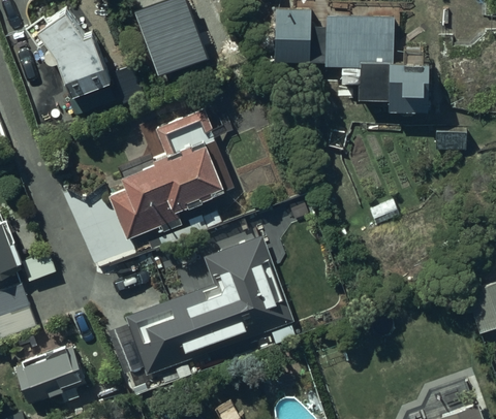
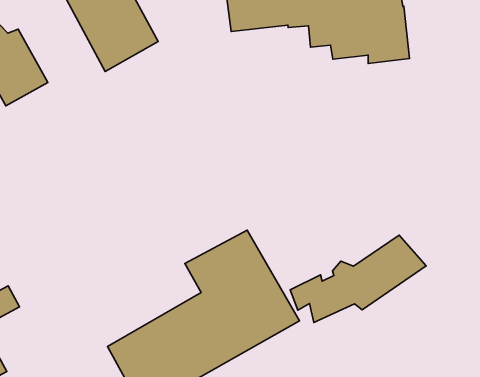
building: [107,109,234,239] -> none
building: none -> [290,235,426,323]

